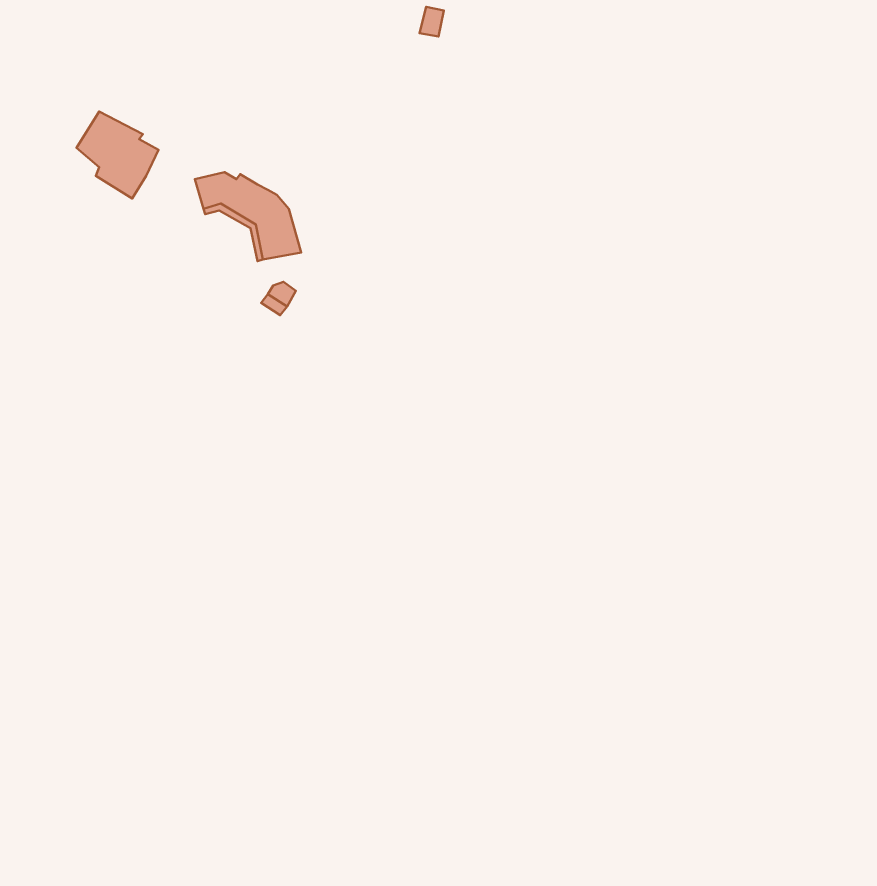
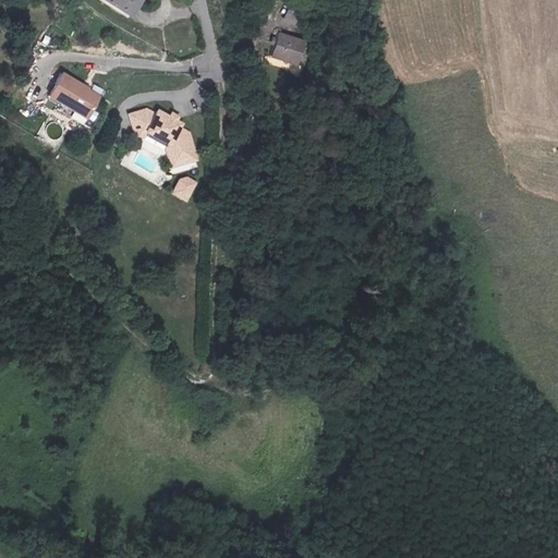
building: none -> [265,38,296,65]

